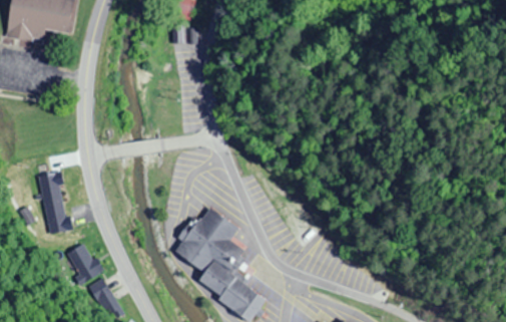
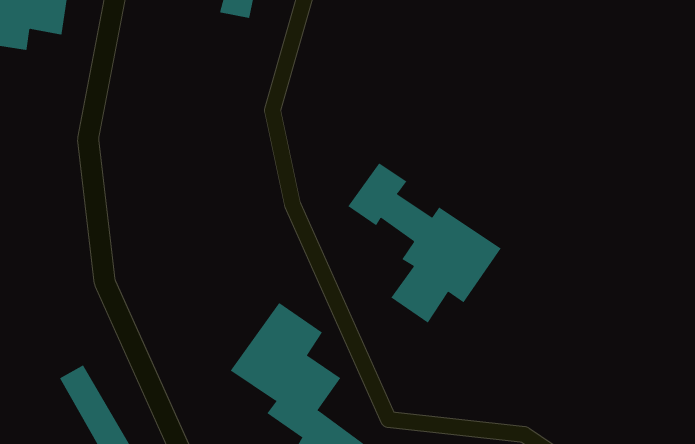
building: none -> [348,163,501,324]
building: [40,174,67,234] -> none

